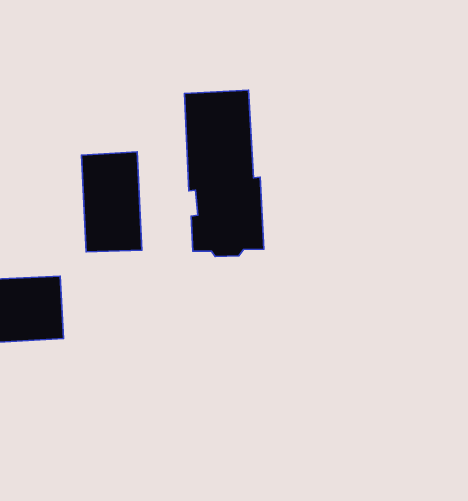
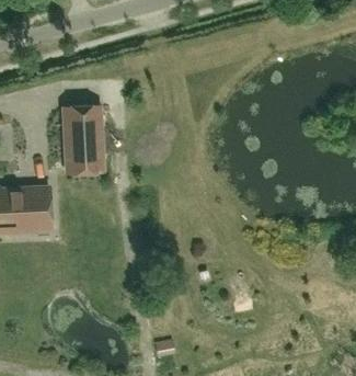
building: [184,90,264,256] -> none

